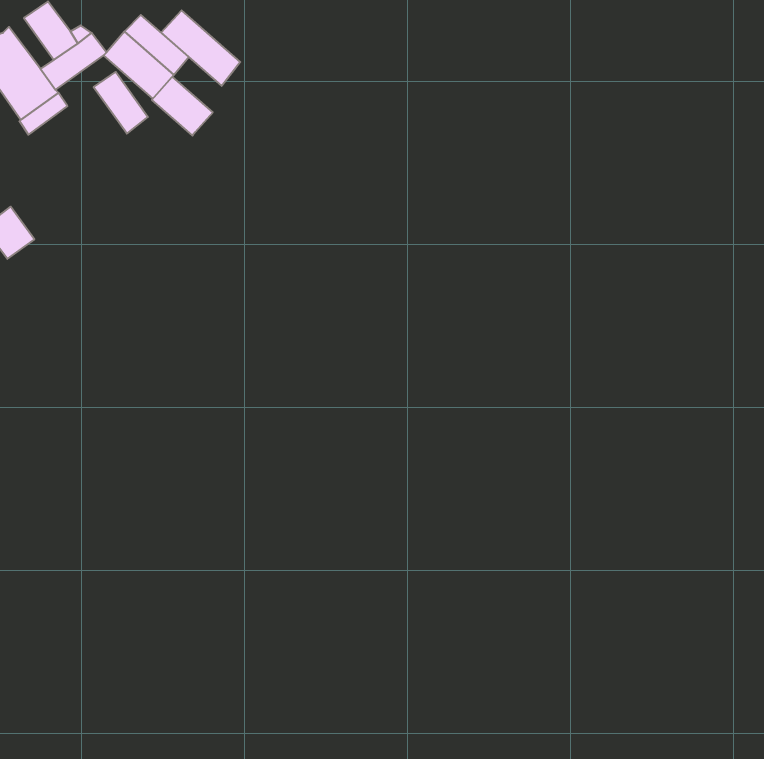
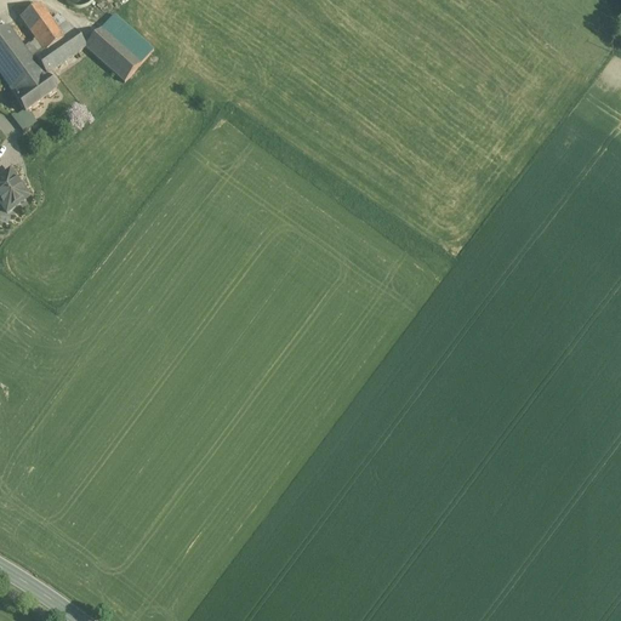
building: [161,10,240,86] -> none
building: [94,72,148,134] -> none
building: [152,77,213,136] -> none

